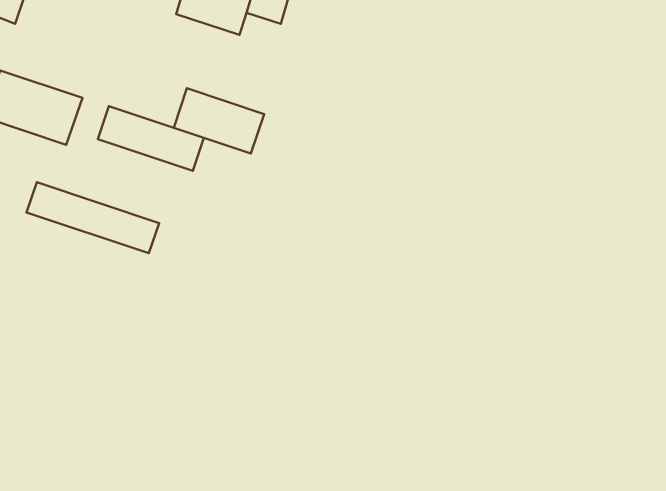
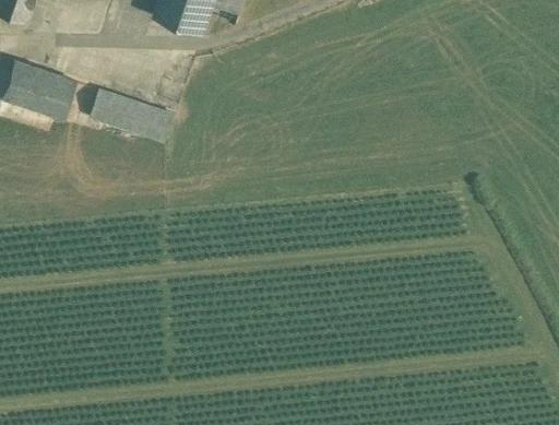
building: [174,88,264,154] -> none
building: [27,182,159,253] -> none

